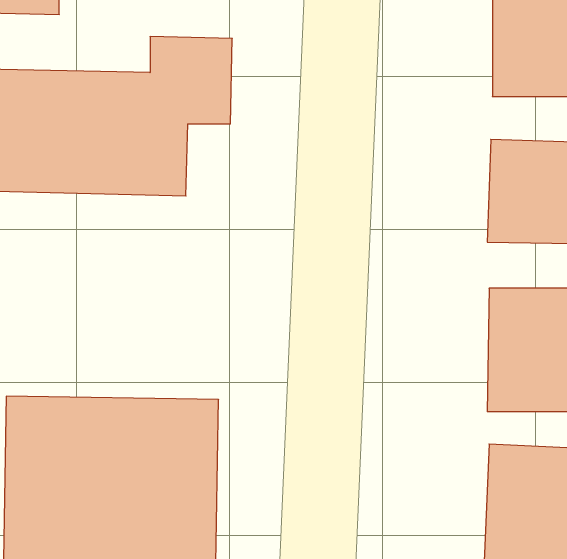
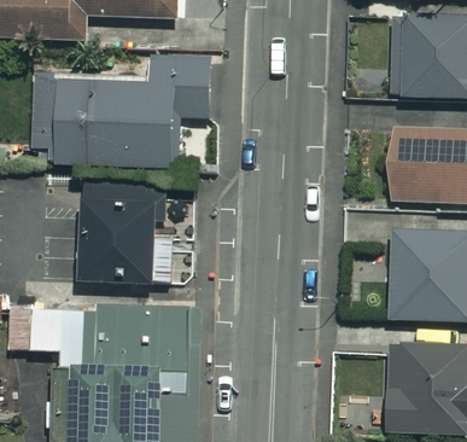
building: none -> [59,178,152,287]

